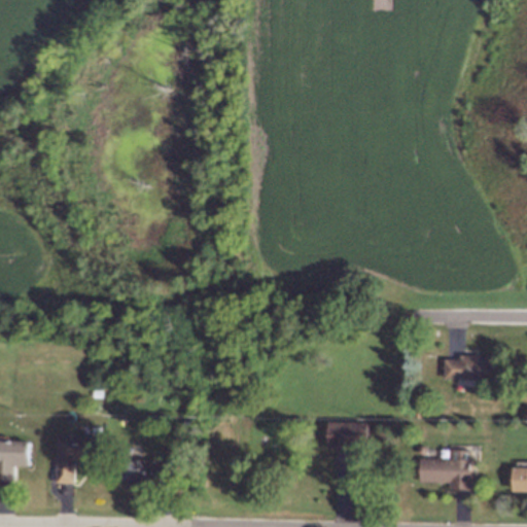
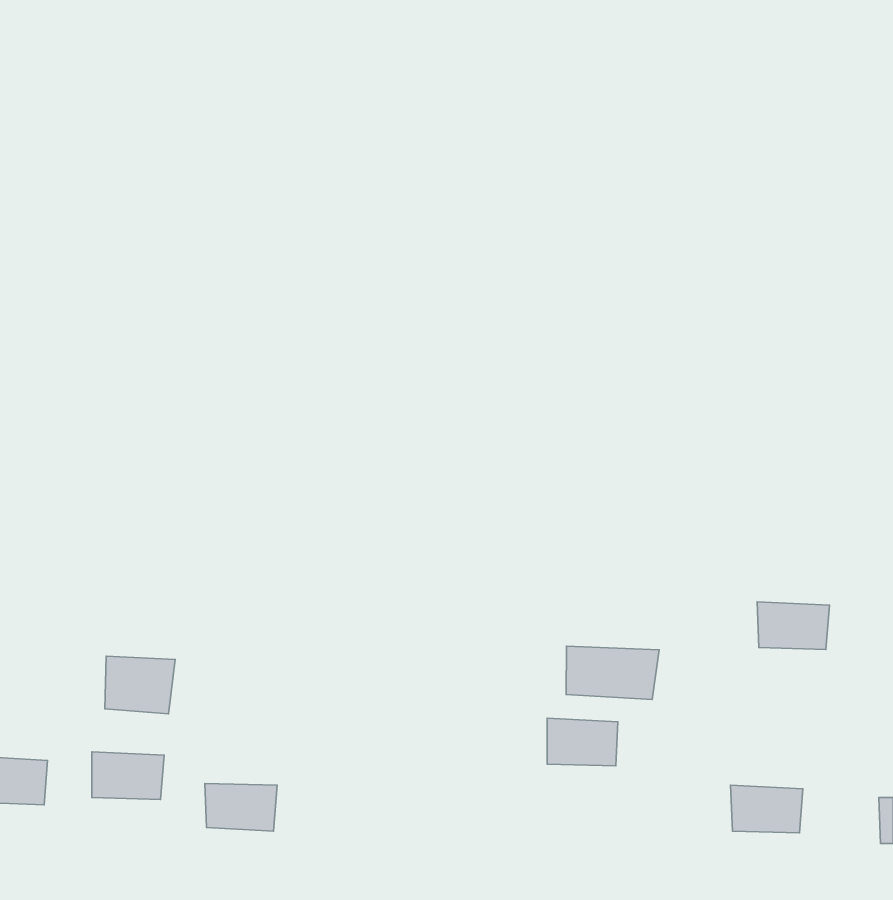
building: none -> [566,646,659,699]
building: none -> [105,656,175,714]

